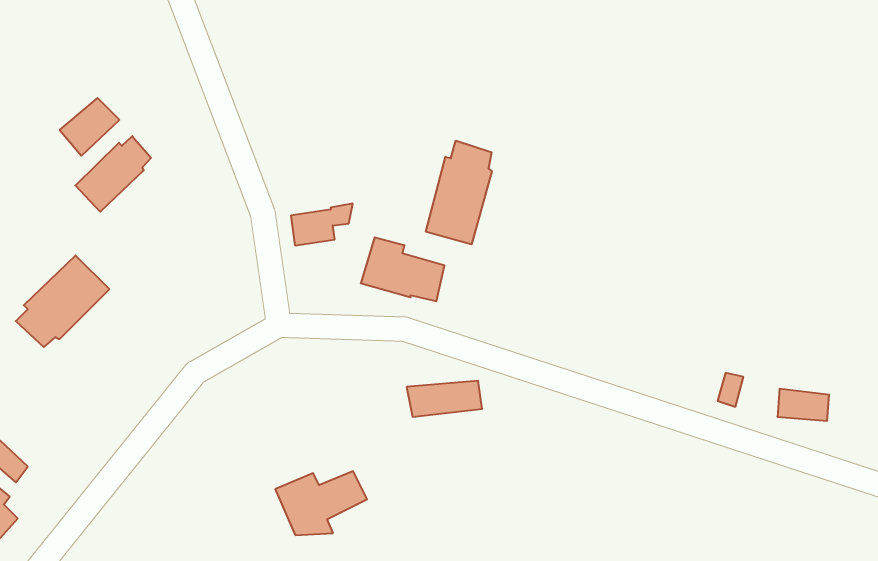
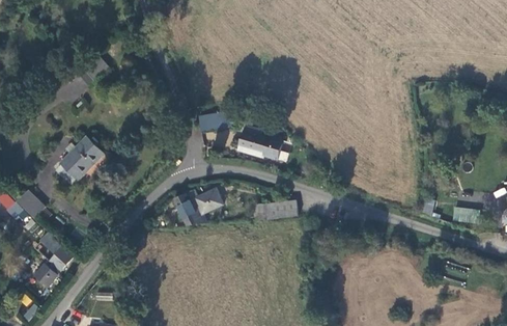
building: [75,136,151,212] -> none
building: [426,141,492,244] -> none
building: [275,471,367,535] -> [175,191,223,224]

